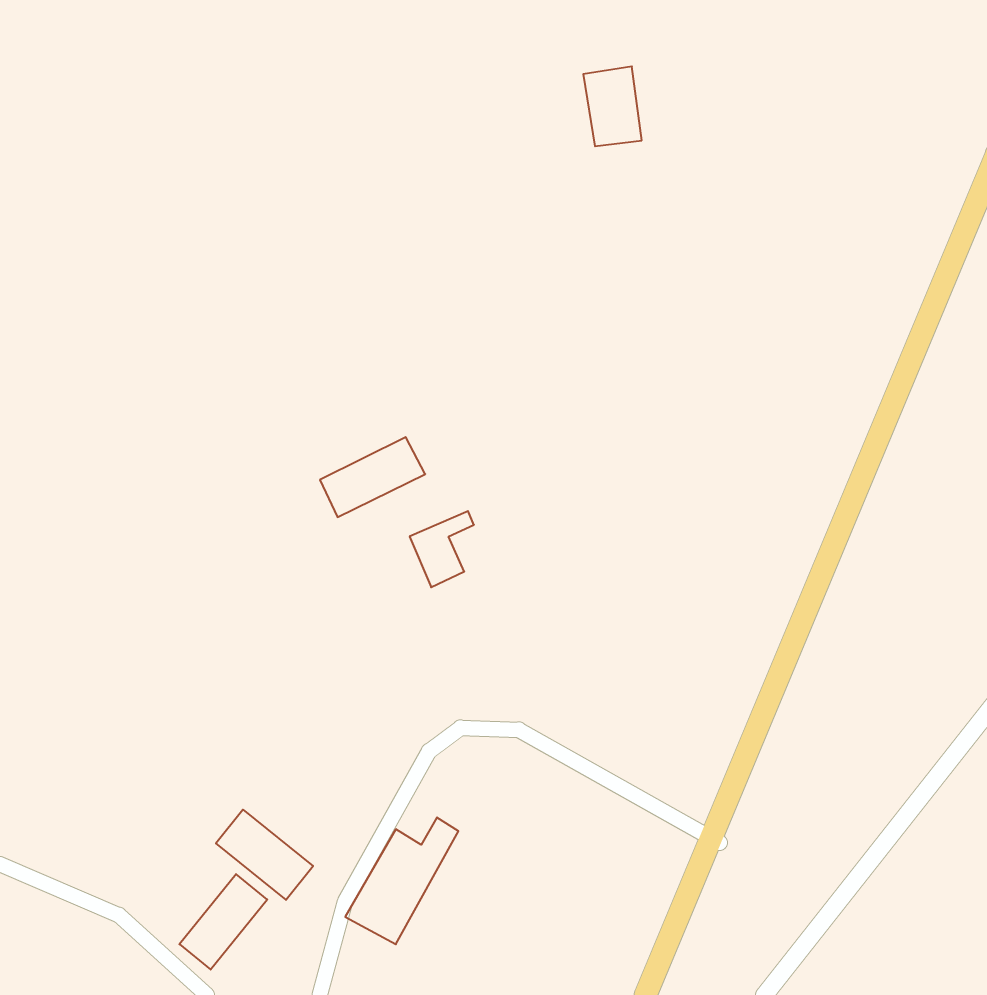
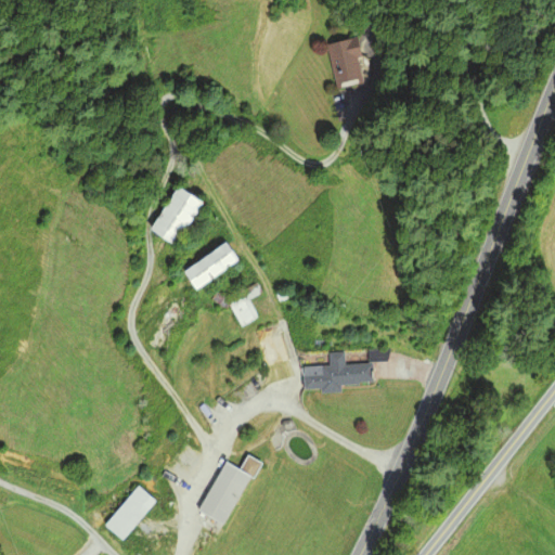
building: none -> [147,184,203,246]
building: none -> [306,351,371,391]
building: [216,810,313,900] -> none

